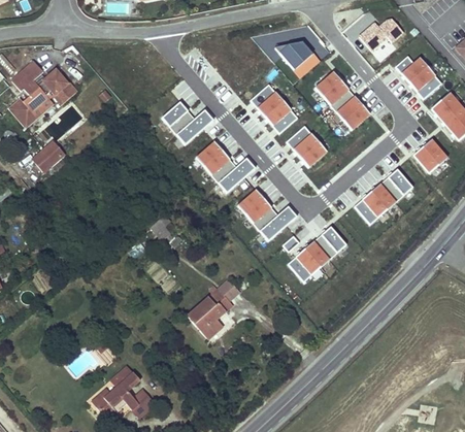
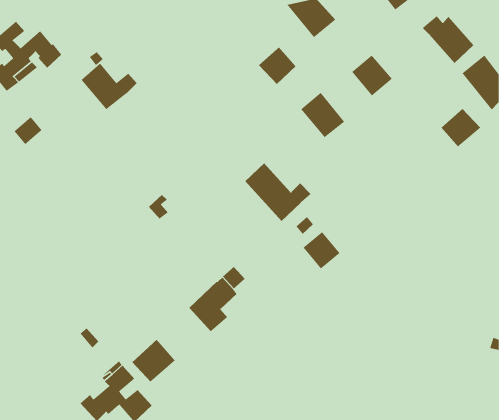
building: [314,72,351,107] -> none
building: [162,101,212,143] -> [80,62,137,110]
building: [266,102,298,134] -> none
building: [197,141,255,192] -> none
building: [353,168,413,226] -> none
building: [306,227,348,268] -> none
building: none -> [131,339,176,382]

